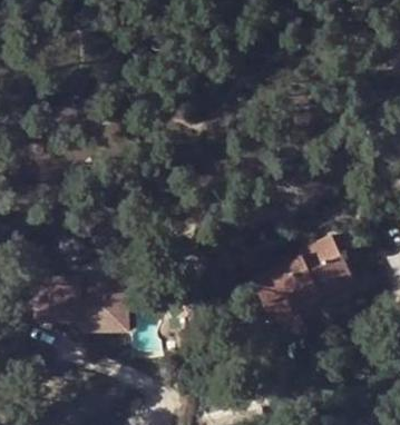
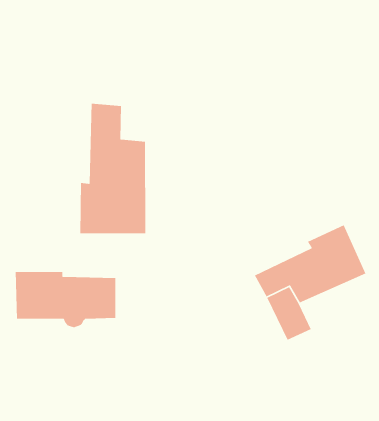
building: none -> [79,103,146,234]

